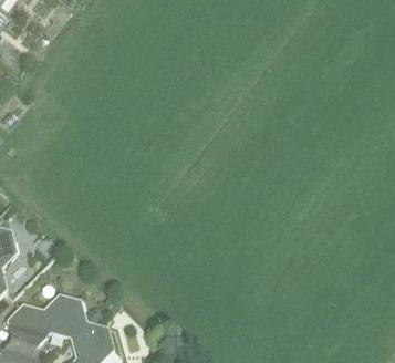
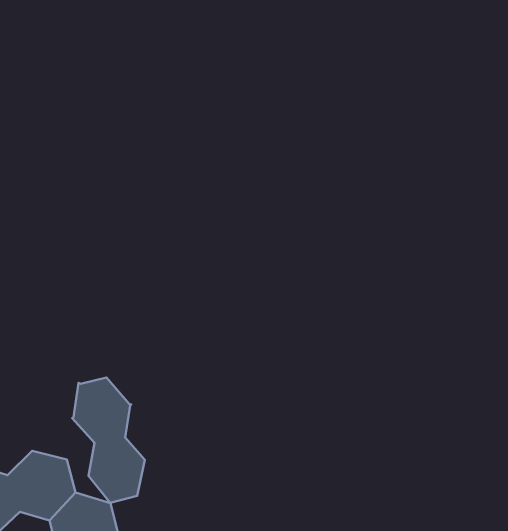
building: none -> [72,377,145,503]

